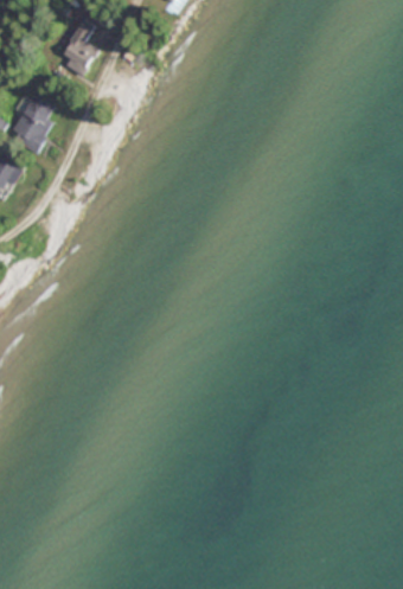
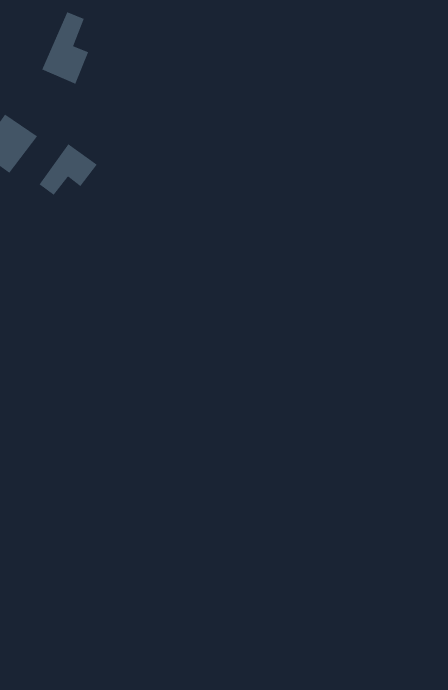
building: none -> [38,143,98,196]

